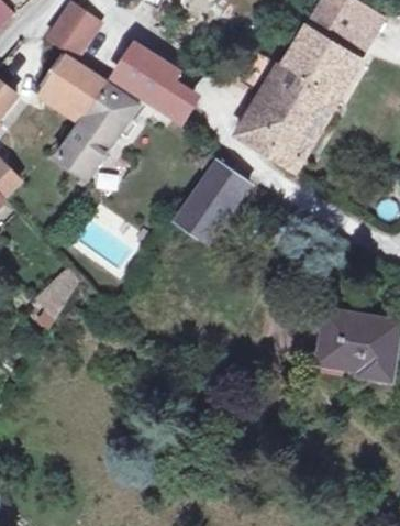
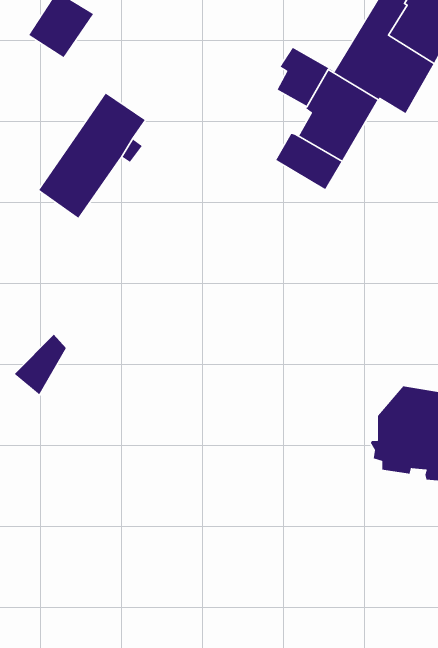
building: [115,44,192,119] -> none
building: [41,53,108,114] -> none
building: [276,87,337,169] -> none
building: [176,161,248,242] -> none

